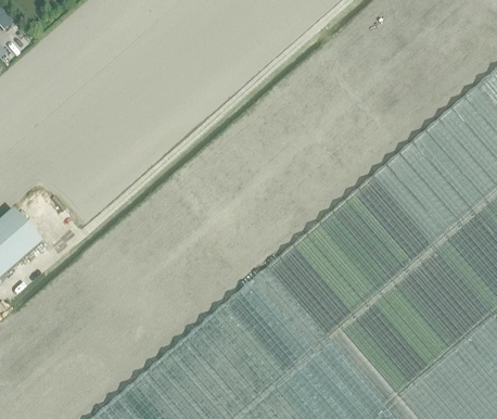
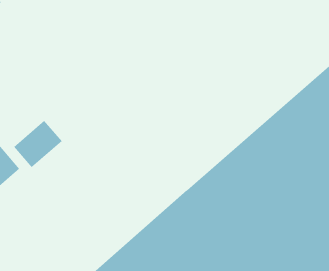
building: none -> [13,120,63,168]

